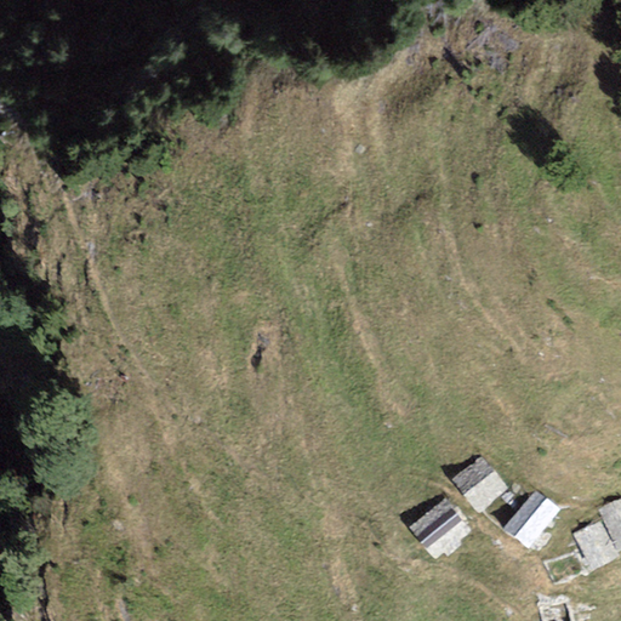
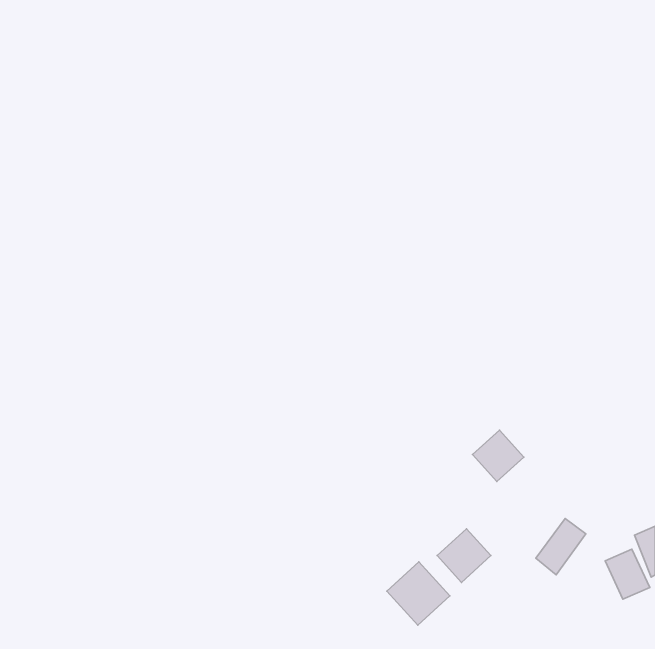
building: [455,458,503,507] -> [473,430,524,481]
building: none -> [387,562,450,625]

